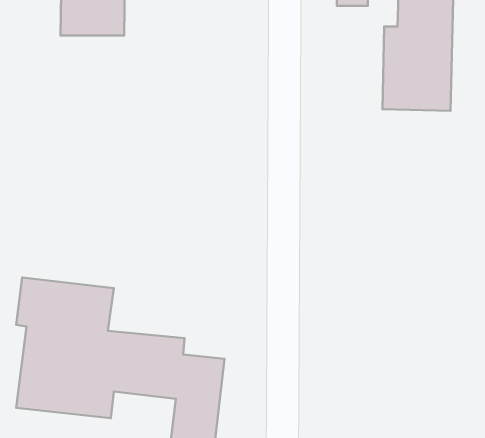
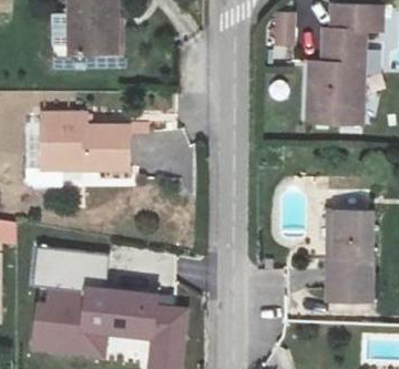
building: none -> [39,121,125,173]
building: none -> [330,199,374,288]

